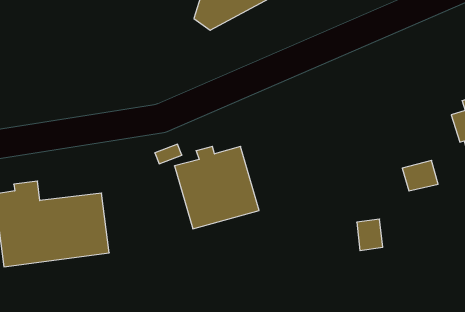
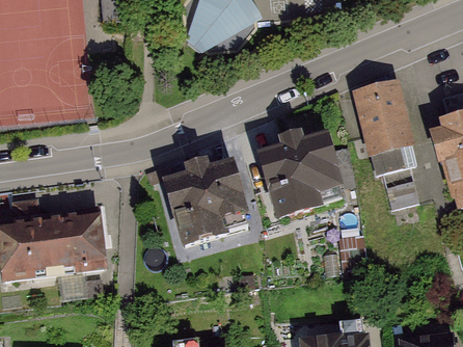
building: none -> [357,80,416,168]
building: none -> [263,133,344,213]

